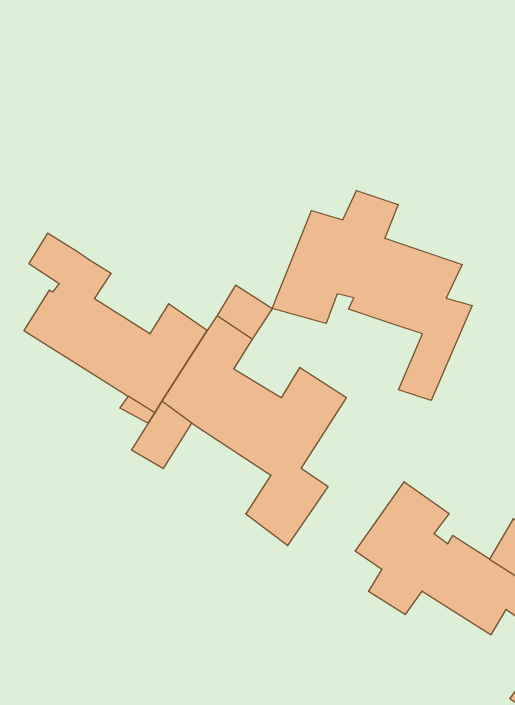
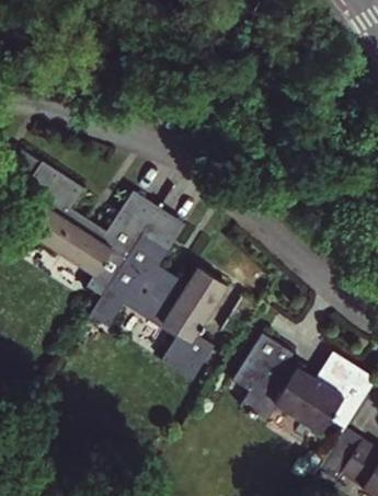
building: [272,190,472,400] -> none
building: none -> [114,189,158,235]

